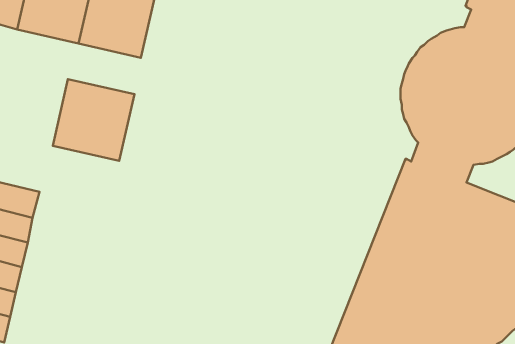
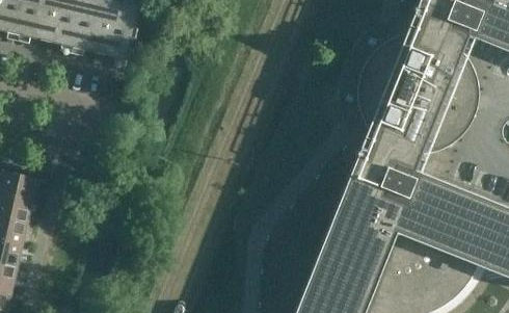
building: [53,79,134,161] -> none

